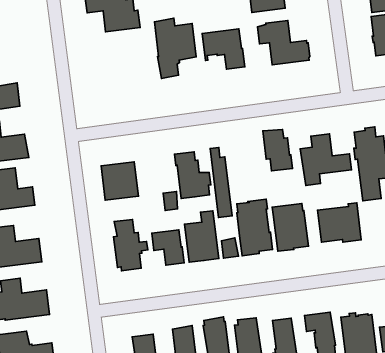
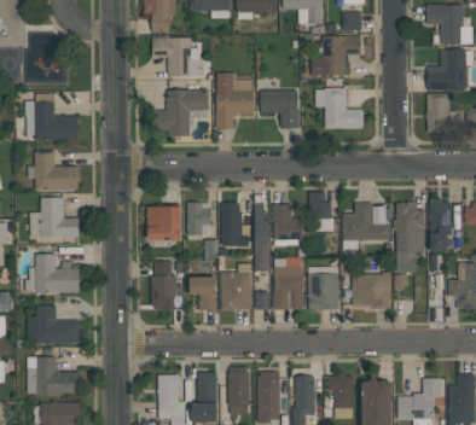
building: none -> [153,89,208,136]
building: none -> [272,204,302,245]
building: none -> [187,203,210,235]

